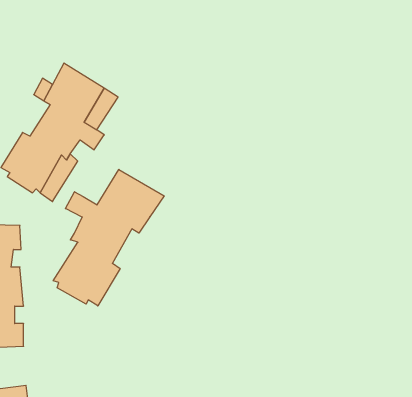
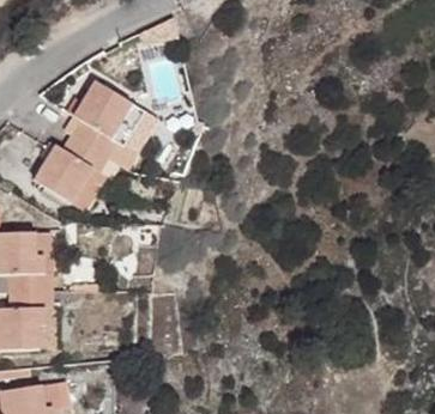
building: [53,169,164,306] -> none

